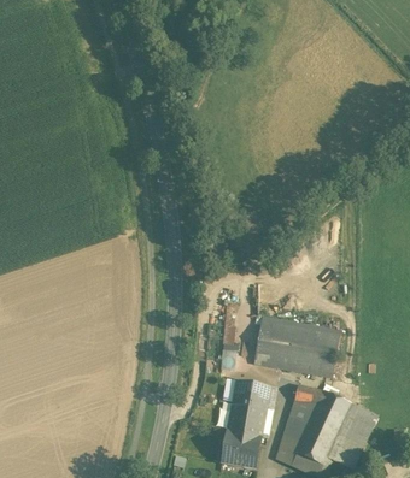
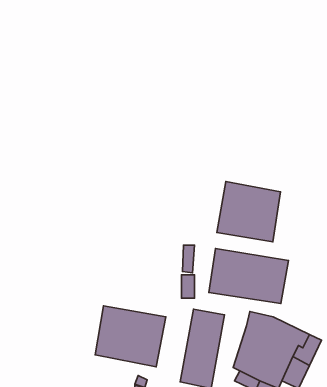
building: none -> [217,182,281,242]
building: none -> [95,306,166,367]

